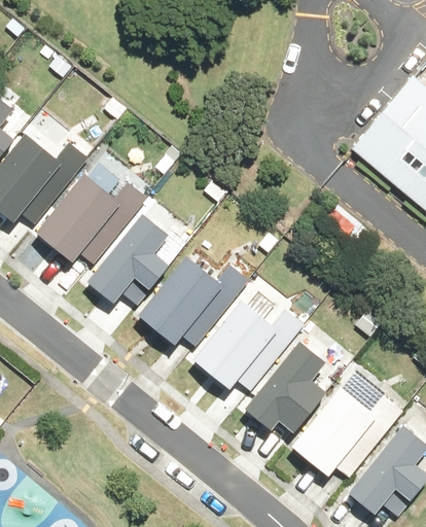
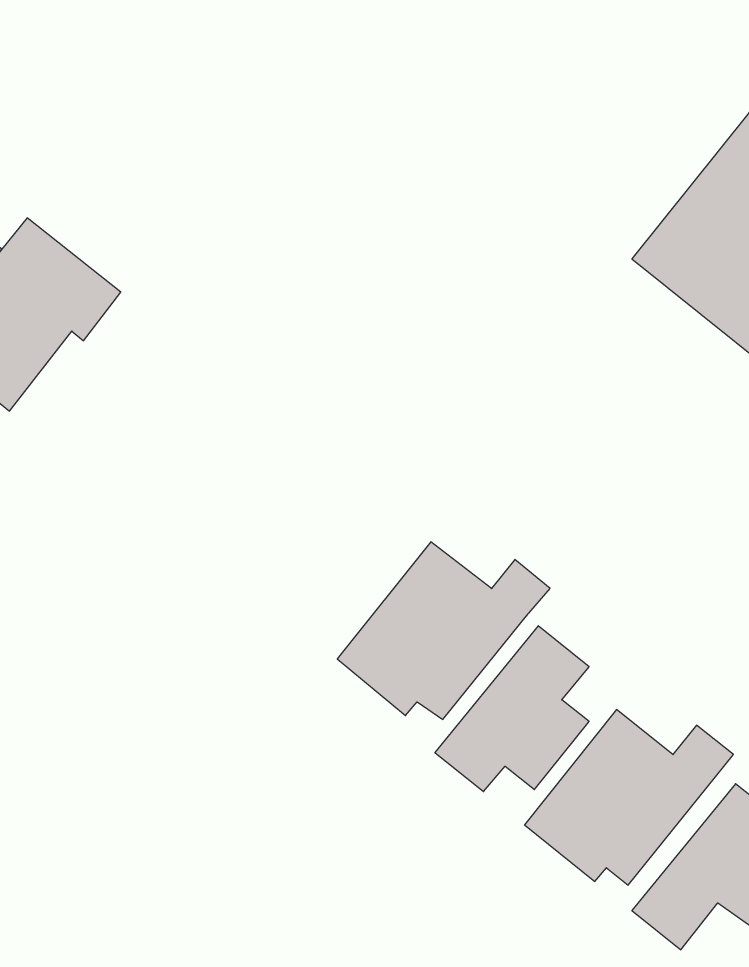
building: [33,170,141,267] -> none
building: [87,213,171,304] -> none
building: [139,254,245,347] -> none

